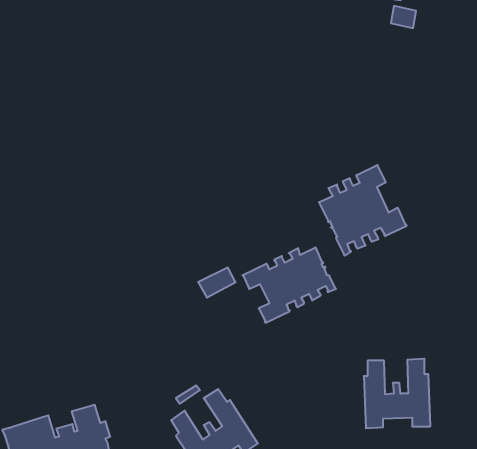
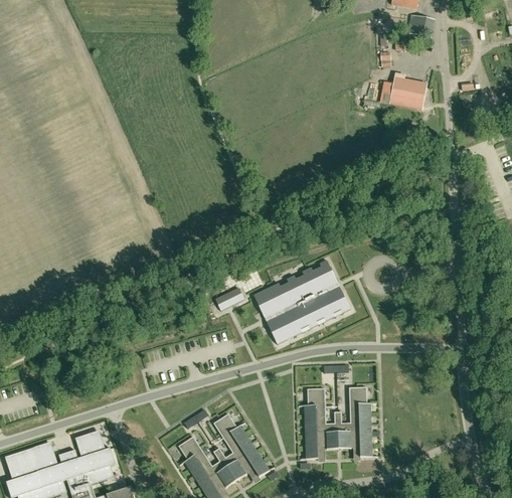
building: none -> [390,72,428,109]
building: [319,165,406,256] -> none
building: [364,359,430,428] -> [304,386,373,459]

